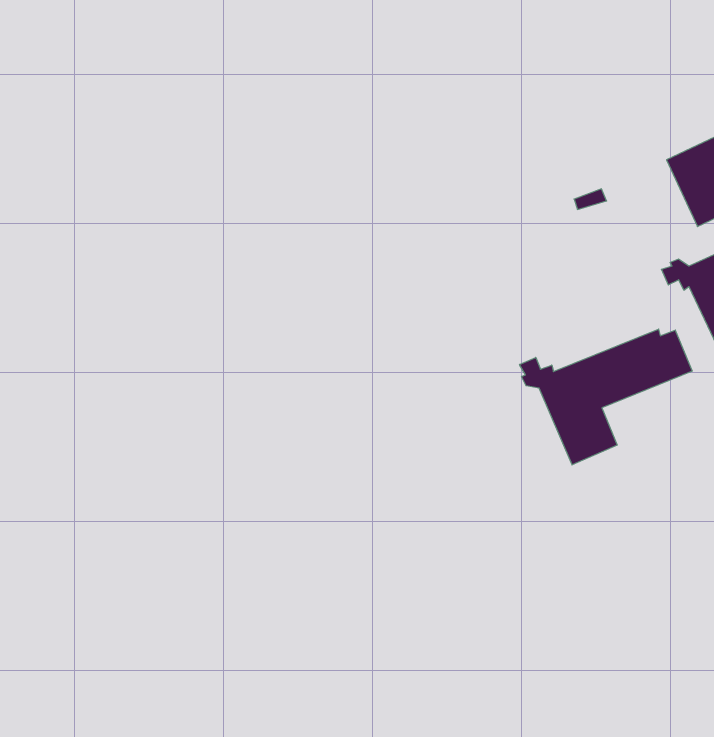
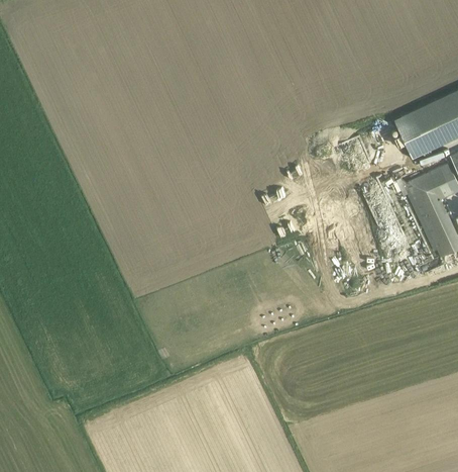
building: [520,329,692,465] -> none

